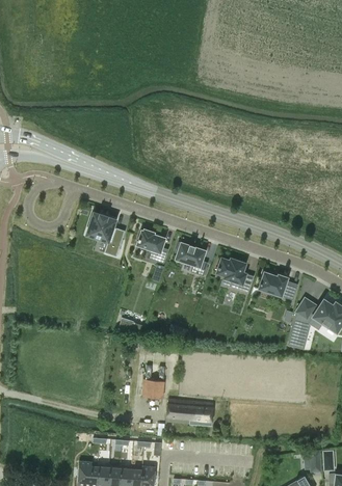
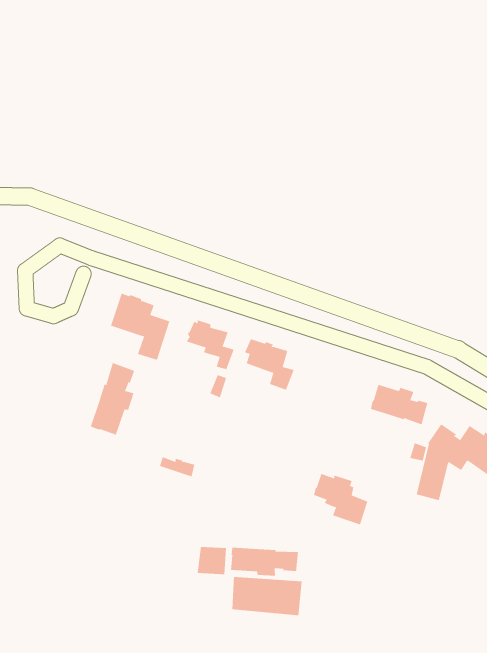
building: [216,258,253,292] -> [313,473,368,525]
building: none -> [90,362,135,436]
building: none -> [231,547,299,576]

